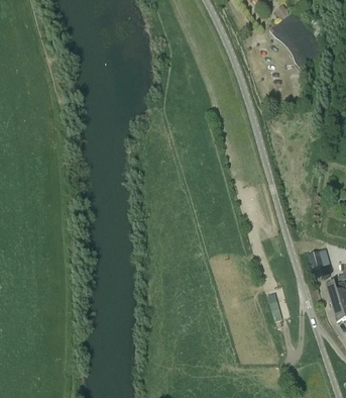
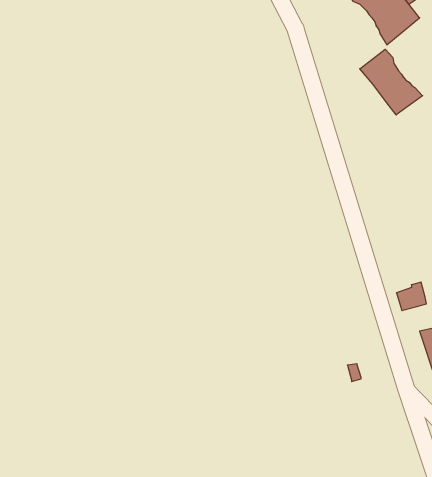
building: none -> [360,49,423,115]

